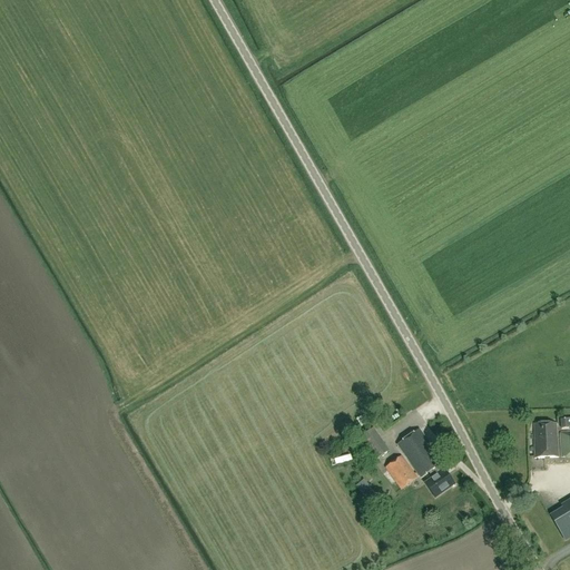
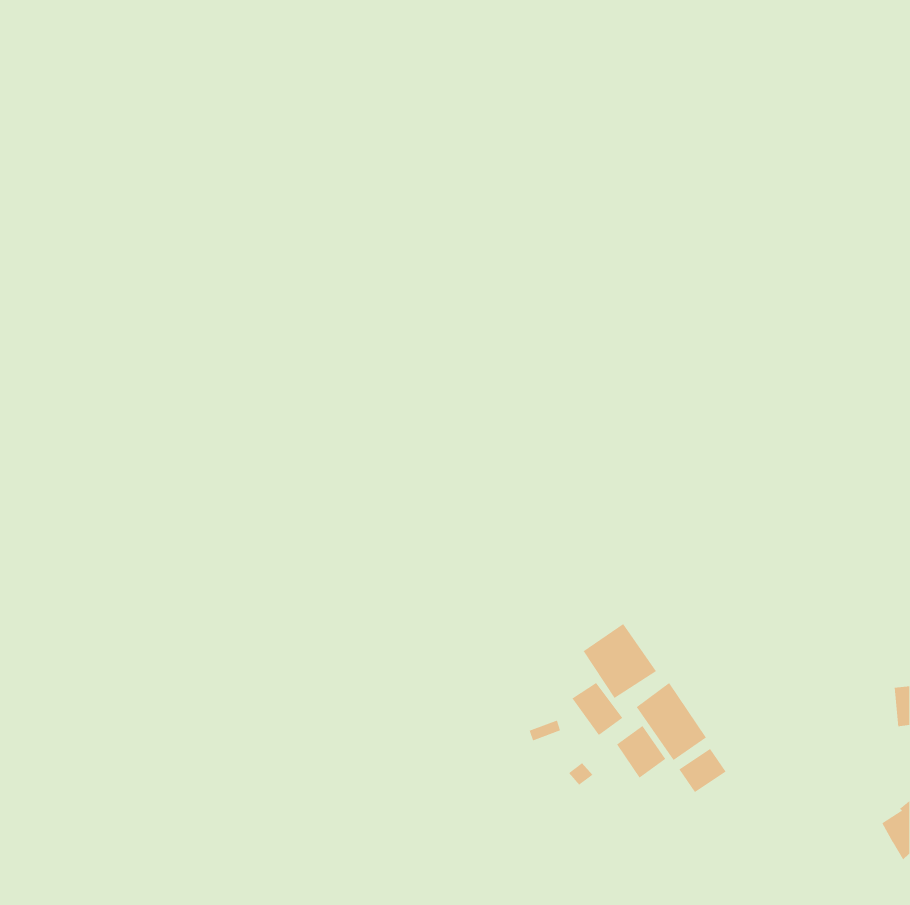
building: none -> [583,623,657,699]
building: [533,421,559,455] -> none

